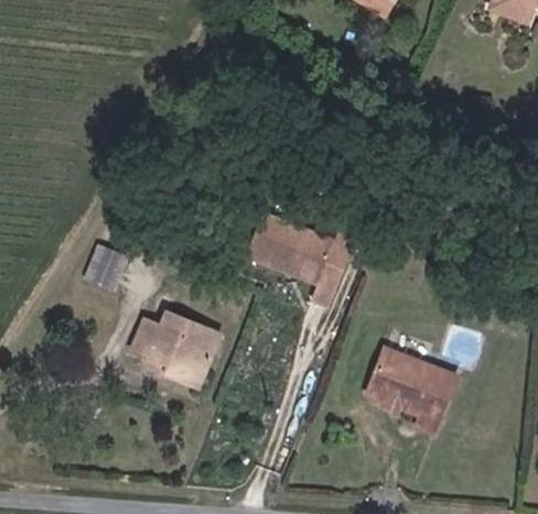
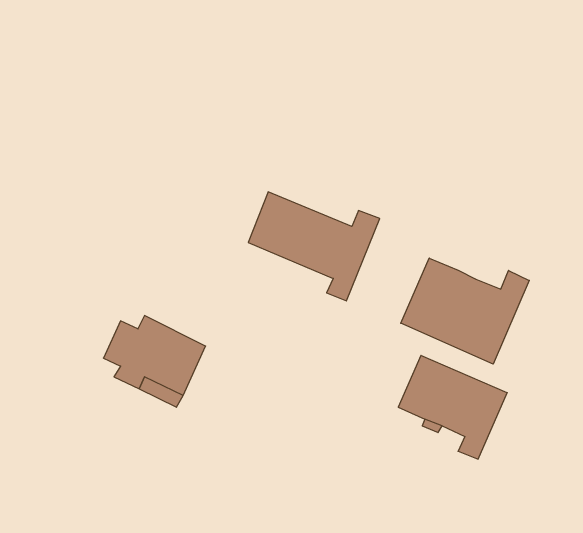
building: [80,241,123,288] -> none
building: none -> [401,258,529,364]

